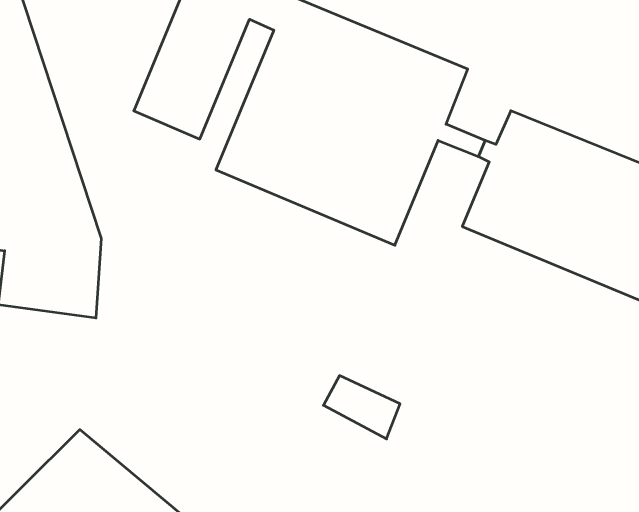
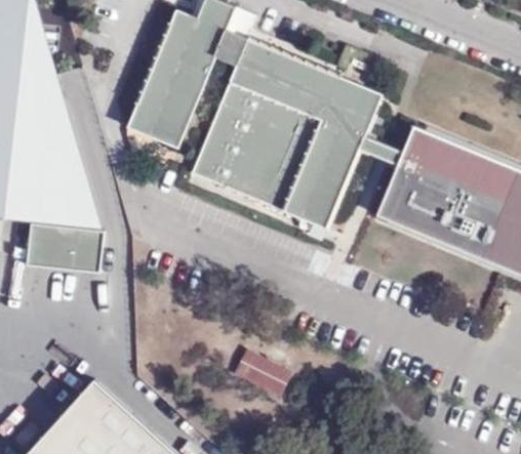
building: [323,376,400,439] -> [233,350,291,399]

